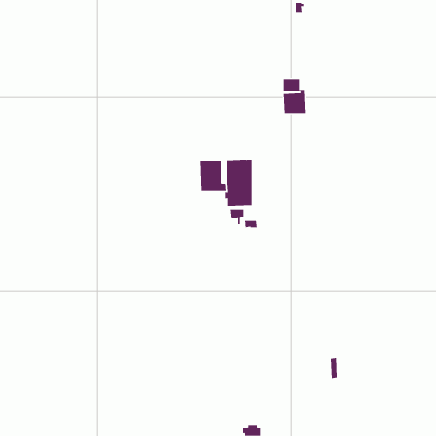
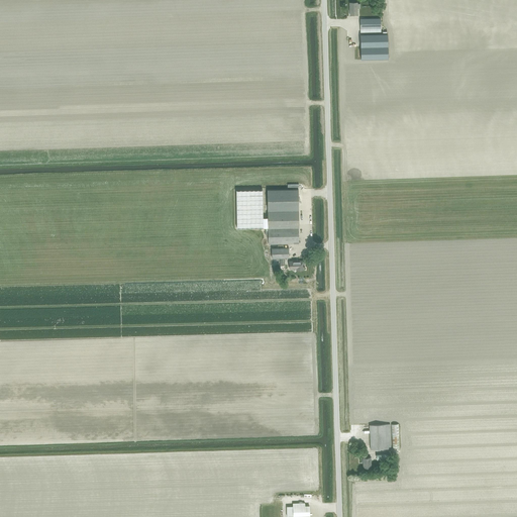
building: [283,79,306,114] -> [360,18,388,60]
building: none -> [371,425,387,450]

